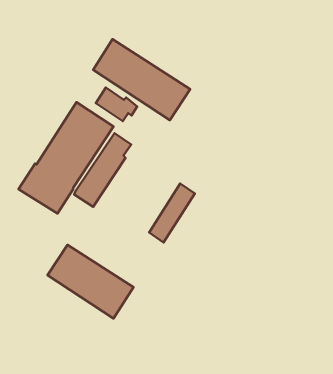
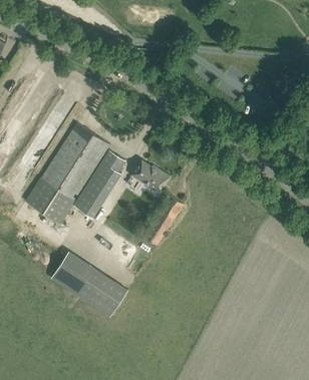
building: [93,39,190,120] -> none
building: [96,88,137,121] -> [131,159,169,189]

